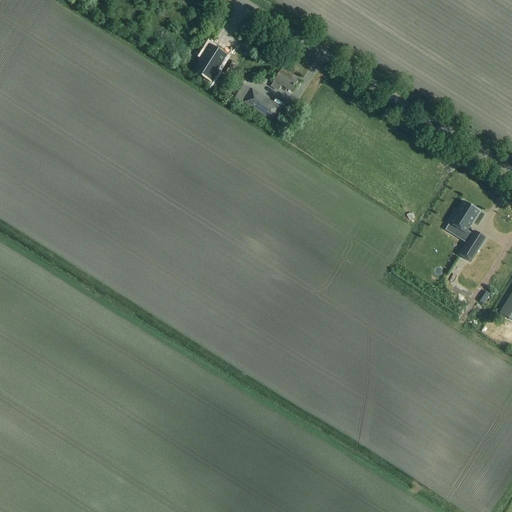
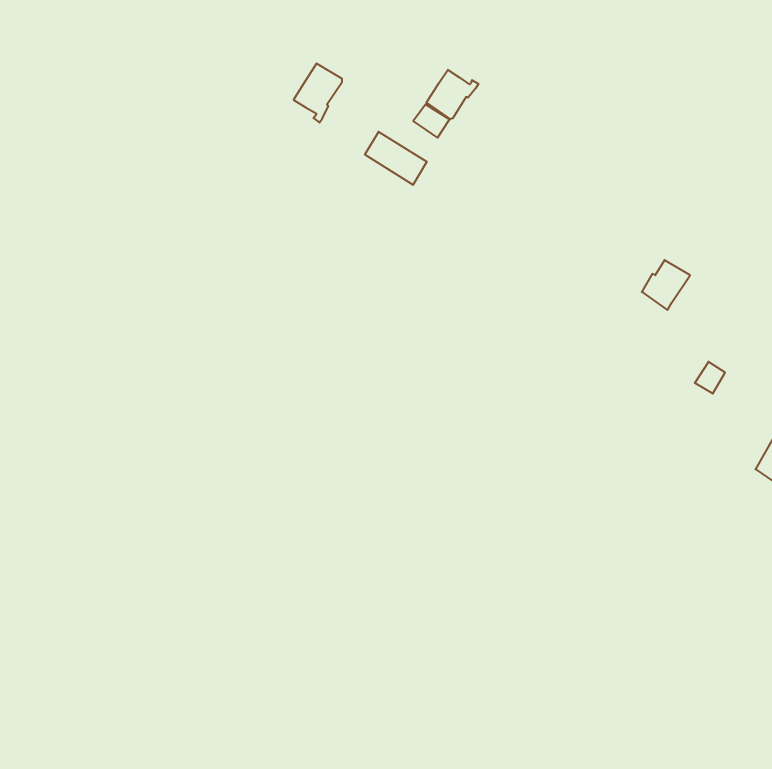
building: none -> [426,70,478,119]
building: [449,199,481,232] -> [642,260,690,310]

